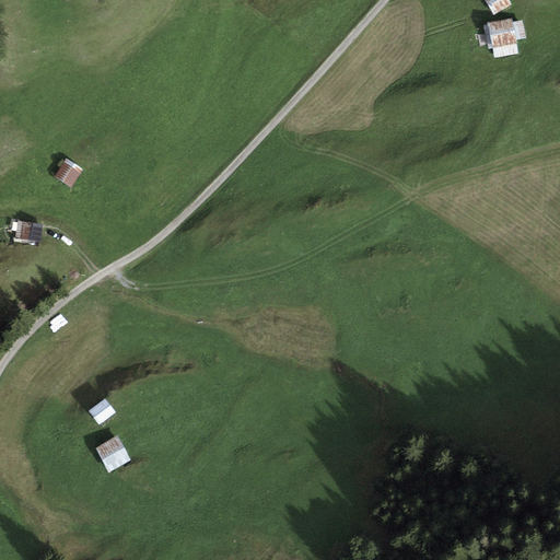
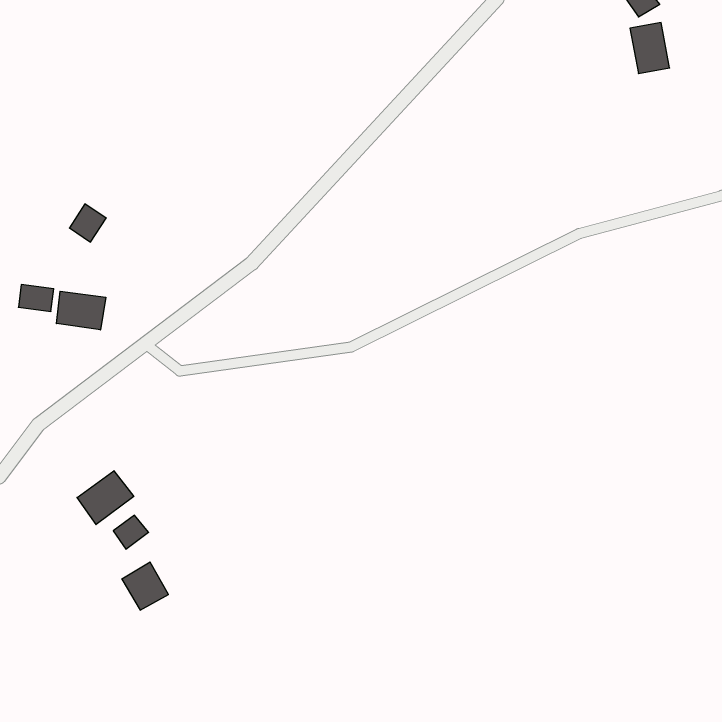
building: none -> [56,291,106,330]
building: none -> [77,471,134,525]

